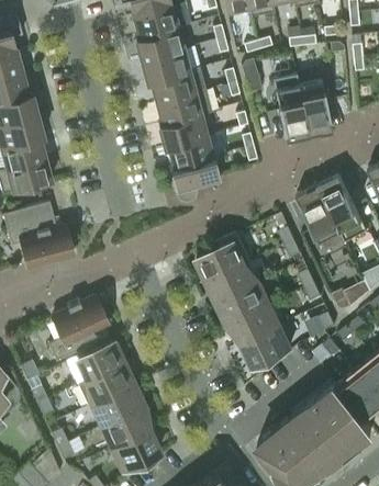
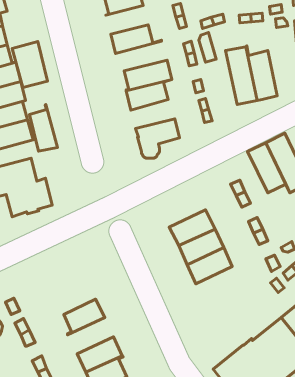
building: [135,27,183,60] -> none
building: [146,68,205,102] -> none
building: none -> [12,42,48,87]
building: [164,135,214,168] -> none
building: none -> [29,104,57,151]
building: [198,233,249,281] -> none
building: [48,296,109,361] -> none
building: [238,326,291,376] -> none
building: [76,340,123,381] -> none
building: [91,384,144,426] -> none

